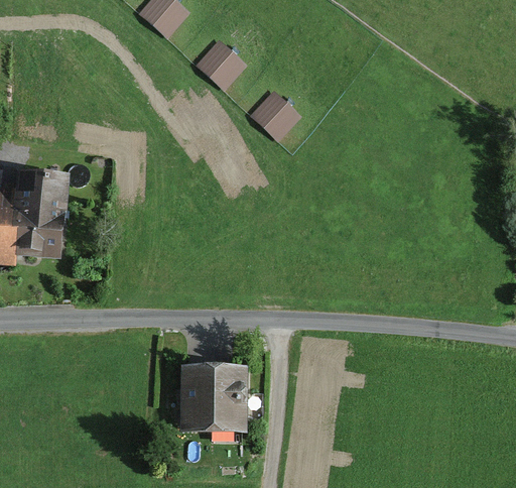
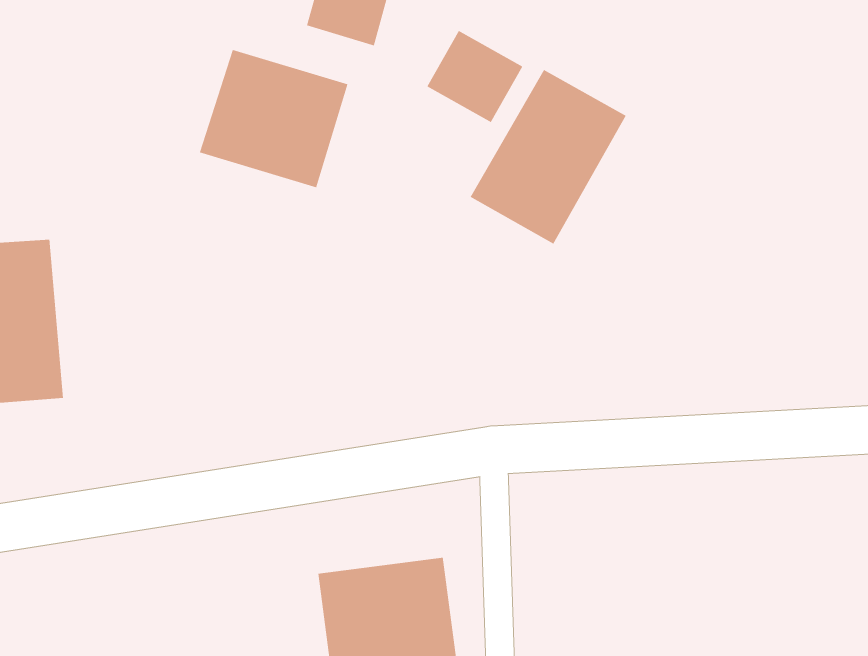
building: none -> [199,49,348,188]
building: none -> [470,69,626,244]

